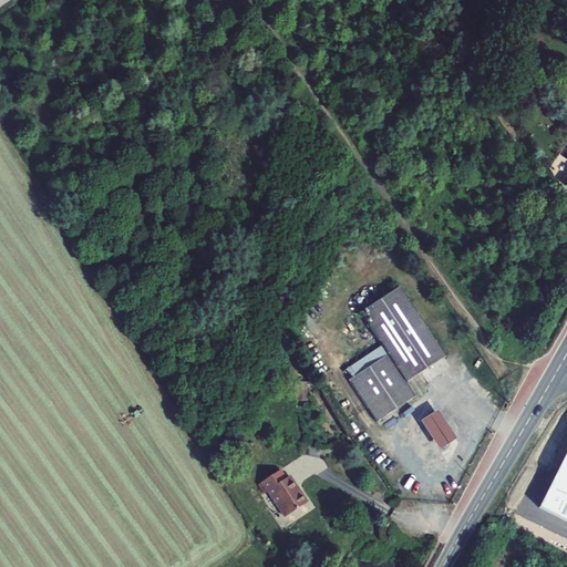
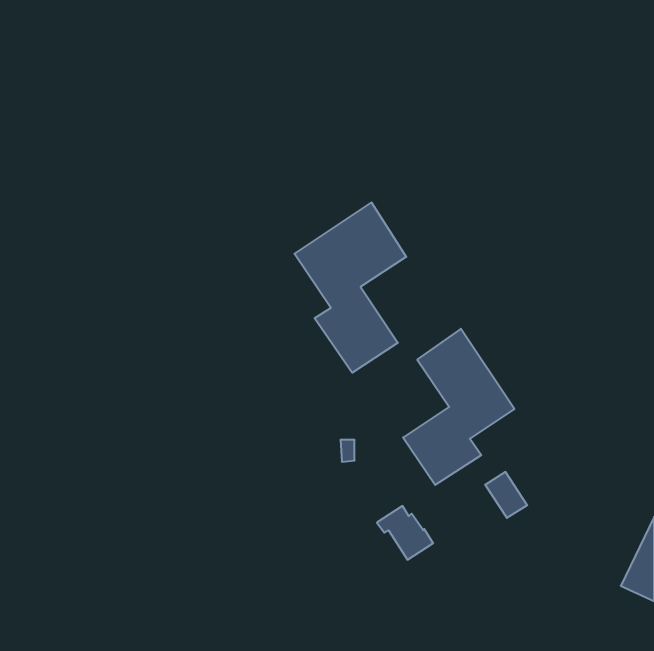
building: none -> [294,202,406,373]
building: [258,468,307,515] -> [377,506,433,560]

